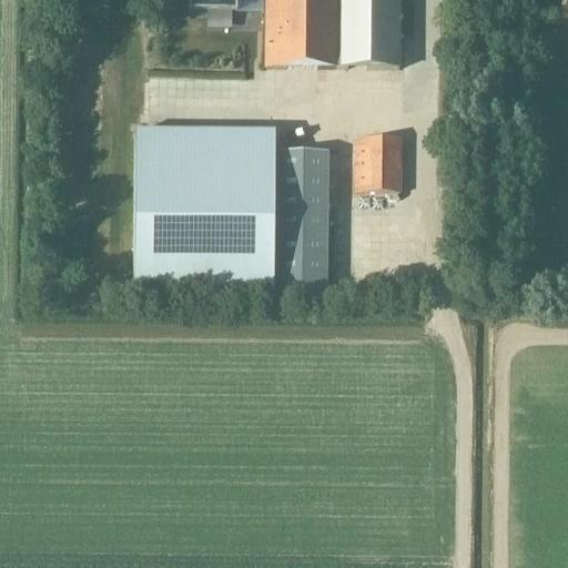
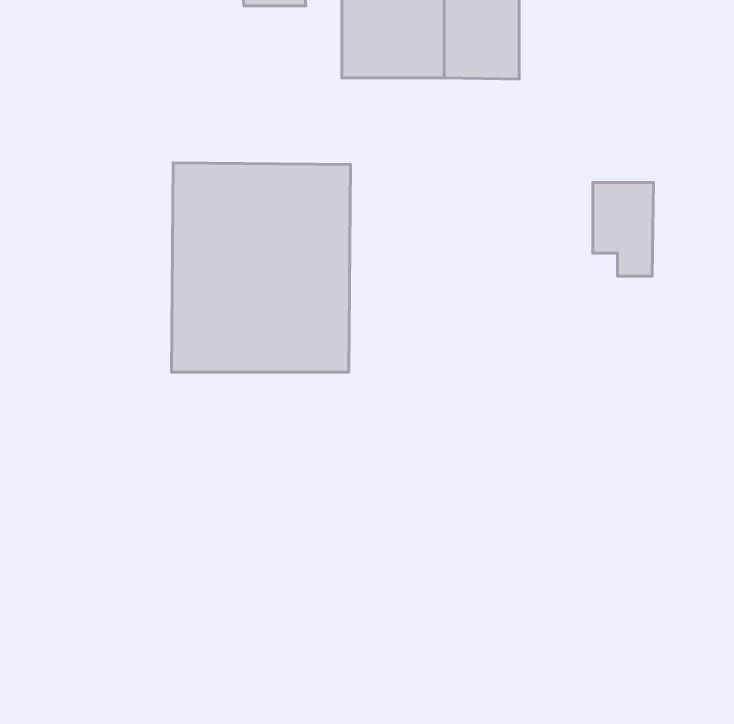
building: [356,131,403,203] -> [593,182,654,276]
building: [278,146,327,293] -> none

